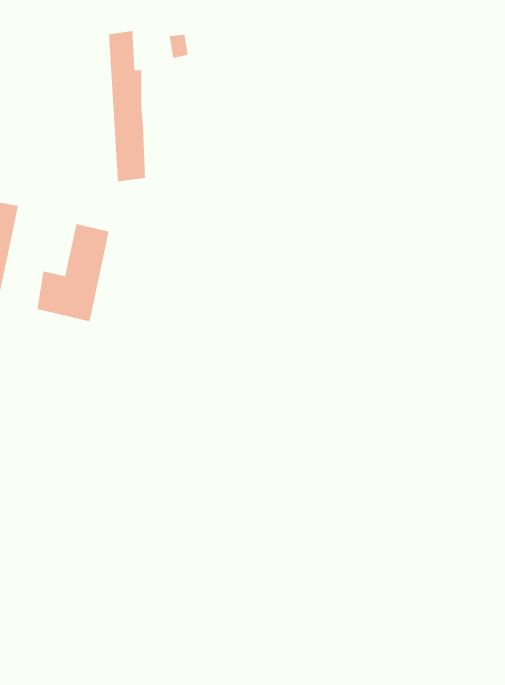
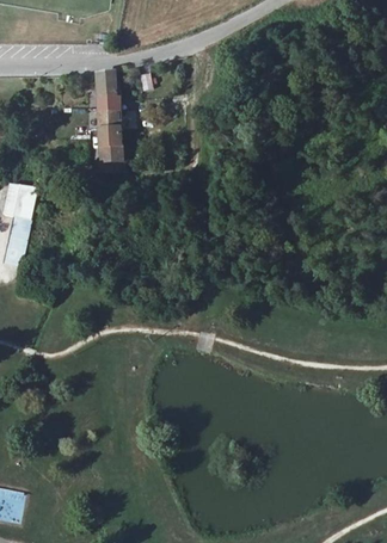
building: [37,223,109,322] -> none

